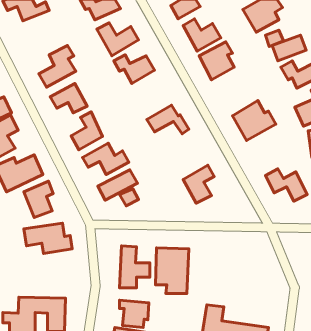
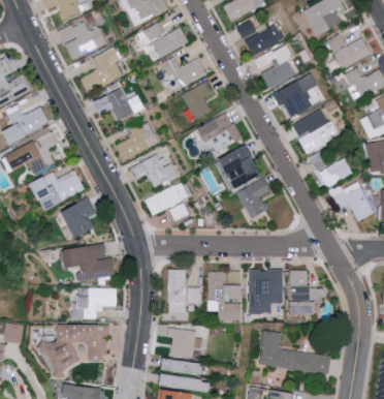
building: none -> [56,24,105,62]
building: none -> [271,74,321,116]
building: none -> [182,83,215,121]
building: none -> [219,147,261,191]
building: none -> [317,158,351,187]
building: none -> [249,269,284,312]
building: none -> [289,270,313,314]
building: none -> [71,286,117,318]

